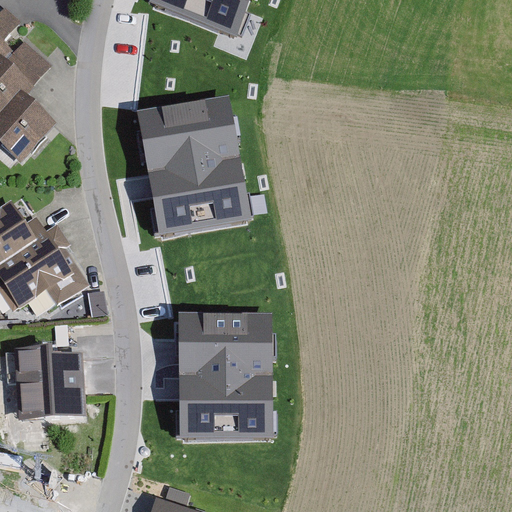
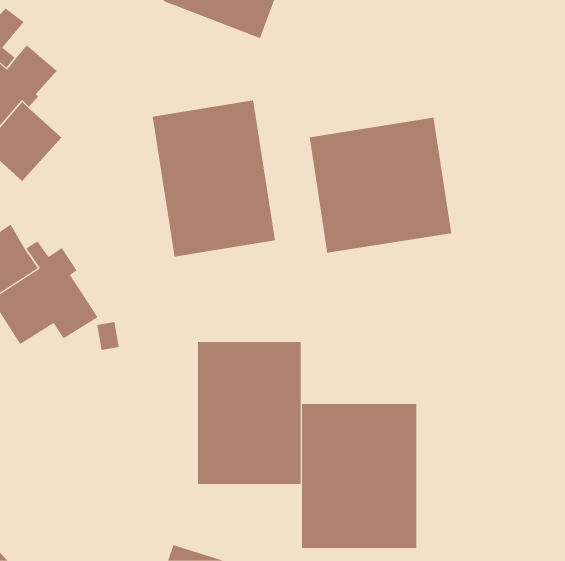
building: none -> [309,117,452,254]
building: [6,348,86,424] -> none
building: none -> [301,403,417,549]

